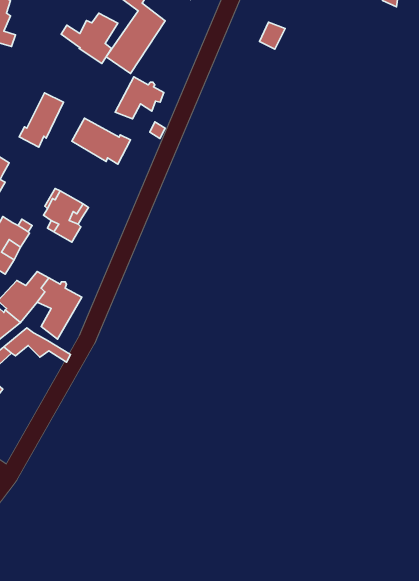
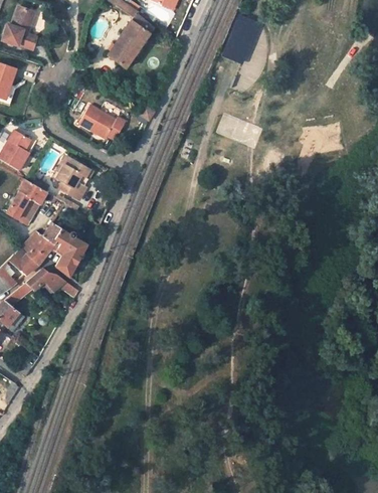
building: [61,13,118,64] -> none
building: [115,77,164,119] -> none
building: [19,93,63,147] -> none

